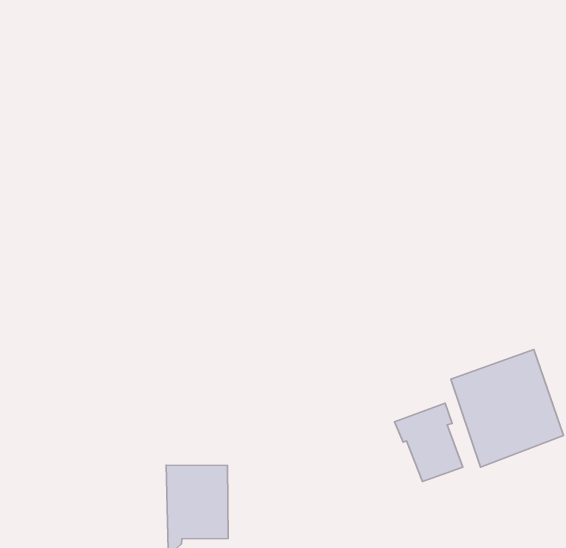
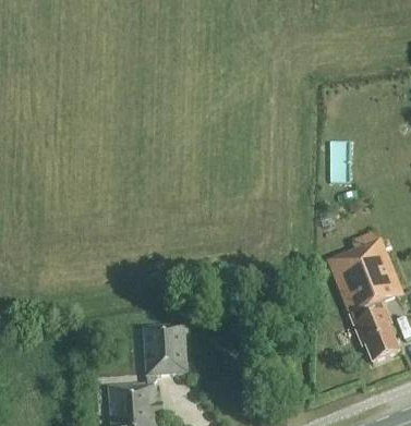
building: [394,403,463,481] -> [351,309,398,362]

